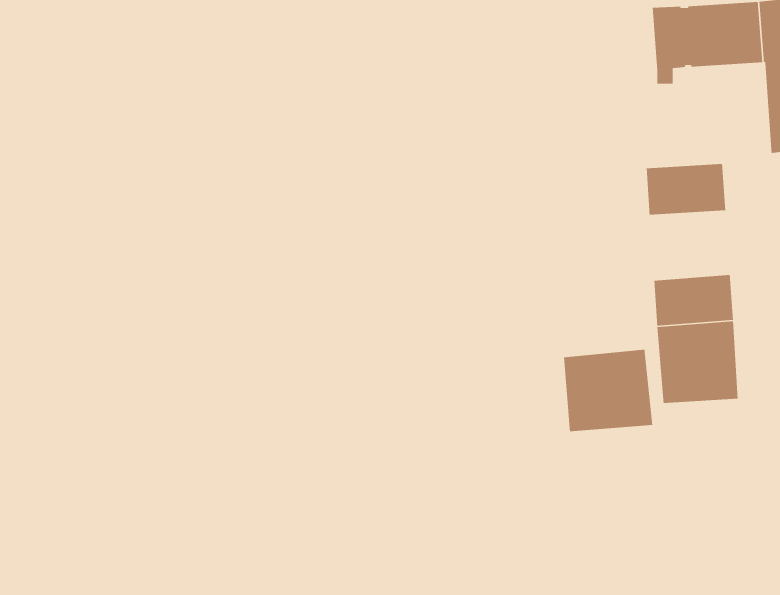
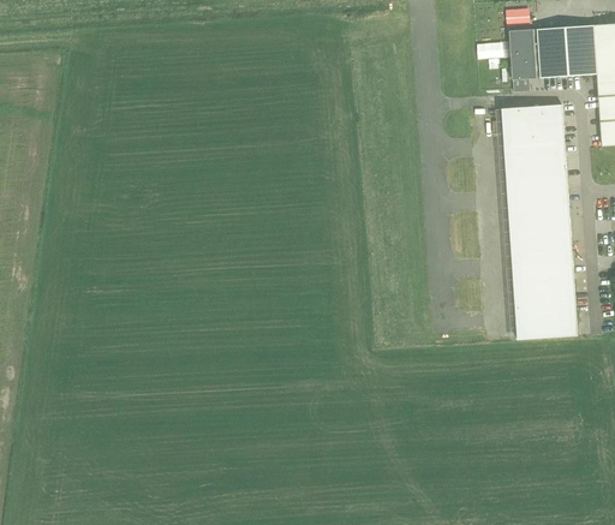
building: none -> [501,105,565,155]
building: none -> [507,189,571,243]
building: [563,349,653,432] -> none

